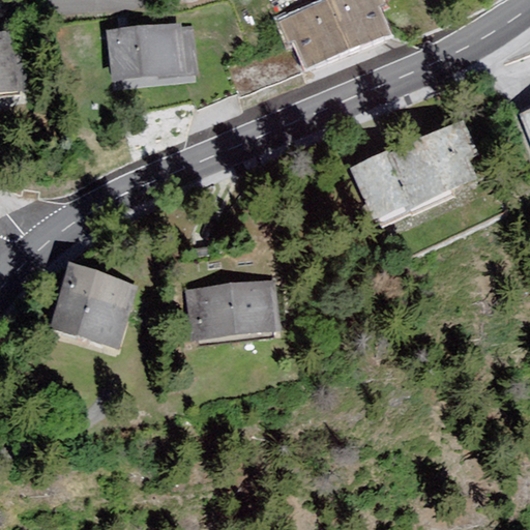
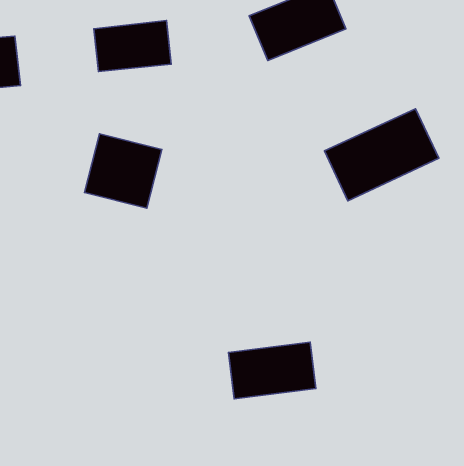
building: [51,264,137,347] -> [85,134,162,208]
building: [185,278,283,342] -> [228,342,316,399]

